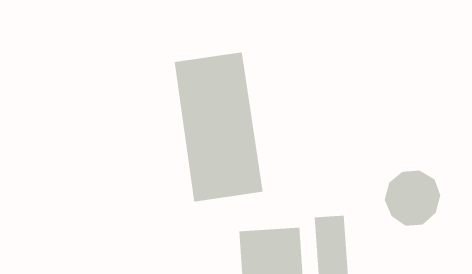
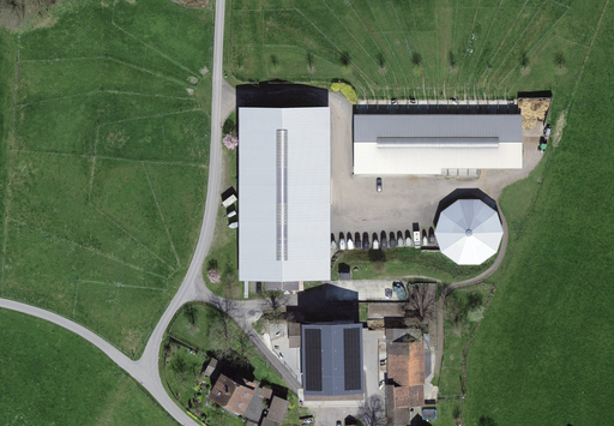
building: none -> [357,116,522,166]
building: [384,170,441,226] -> [432,198,501,265]

